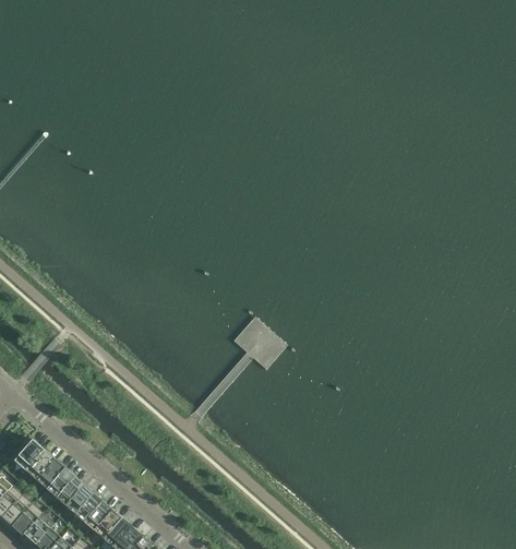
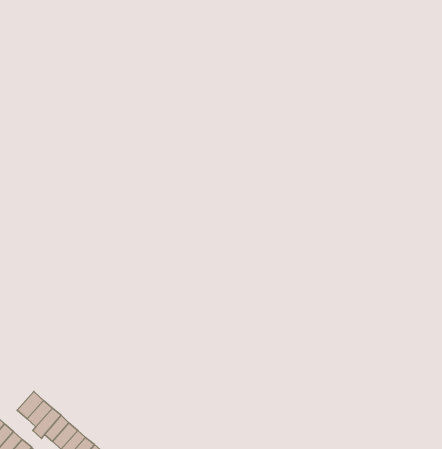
building: [12,438,43,469] -> none

